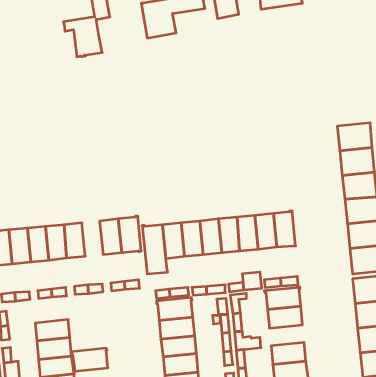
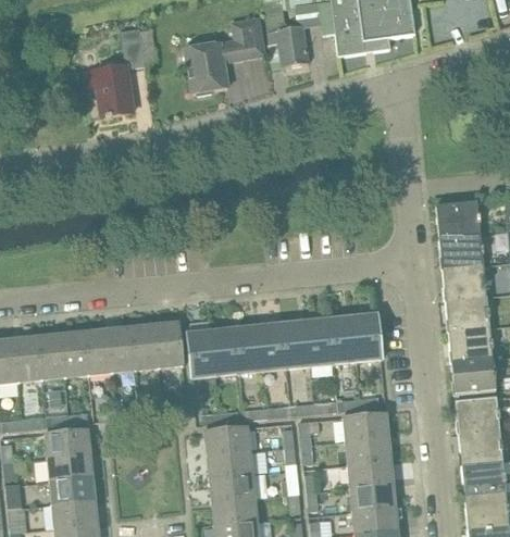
building: none -> [108,327,135,372]
building: none -> [348,460,393,487]
building: [71,348,108,371] -> [43,428,90,458]

